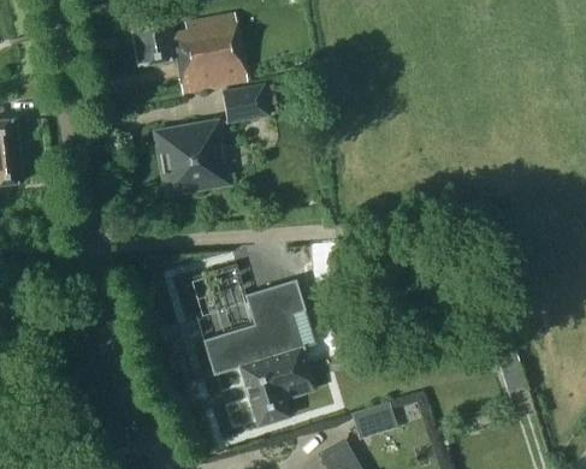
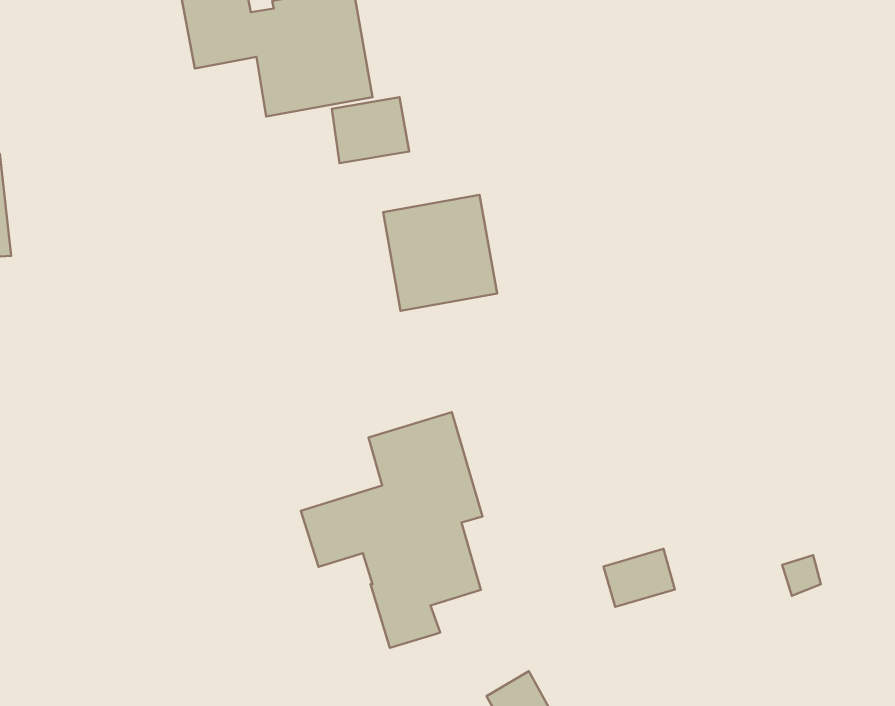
building: [155,121,226,194] -> [383,195,497,311]
building: [350,402,395,438] -> [603,549,675,607]

